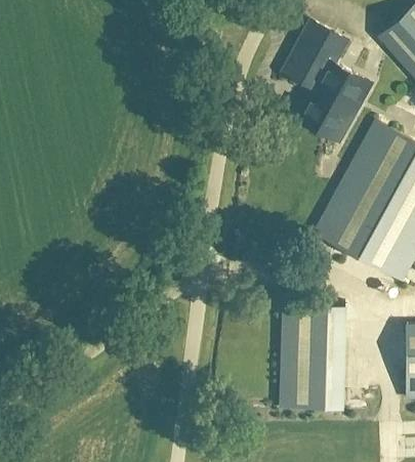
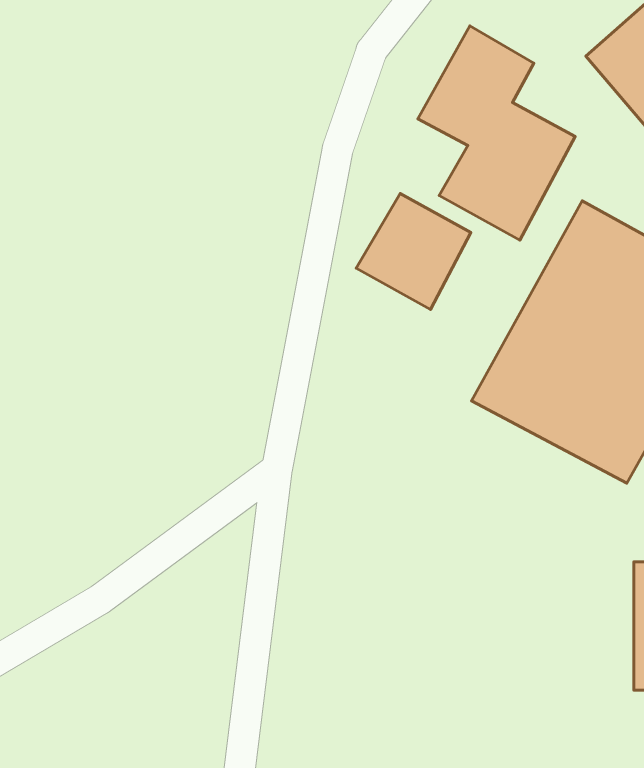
building: none -> [356,194,471,309]
building: [280,303,345,409] -> none

